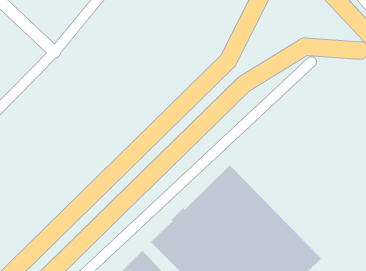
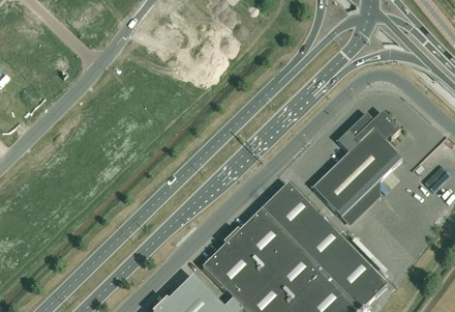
building: none -> [313,111,402,217]

